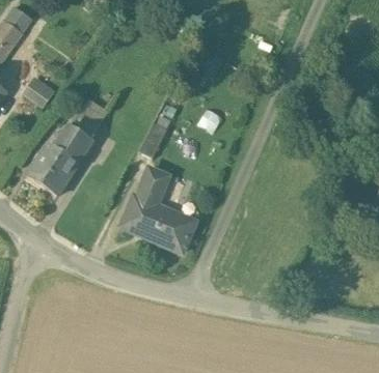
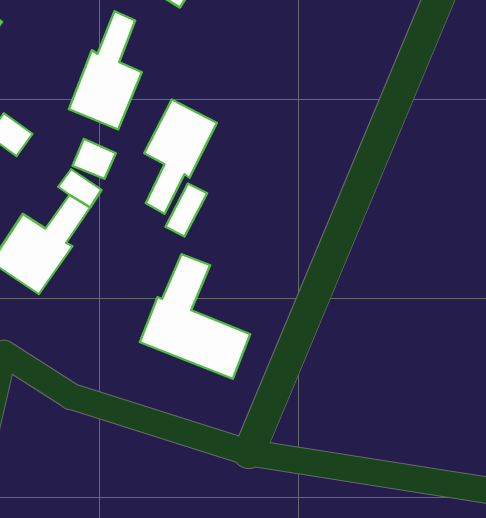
building: none -> [69,11,142,130]
building: none -> [144,99,217,214]

